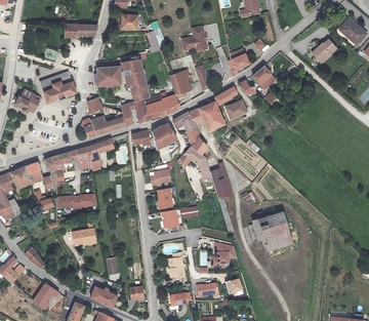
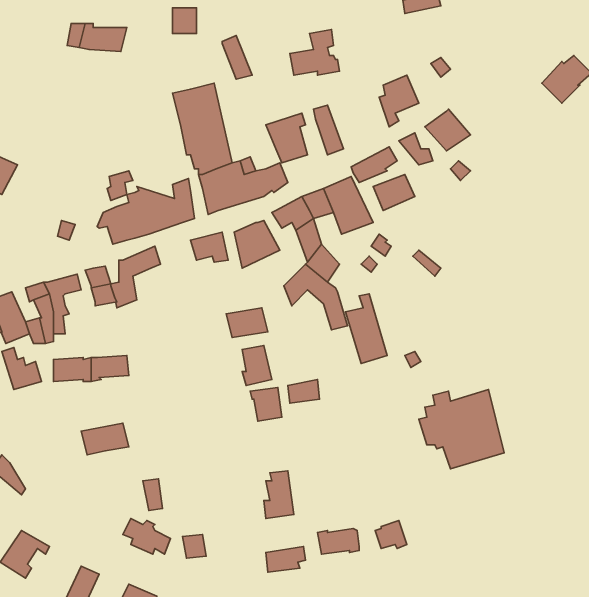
building: [95,65,121,86] -> none
building: [40,71,76,103] -> none
building: [210,243,236,268] -> none

